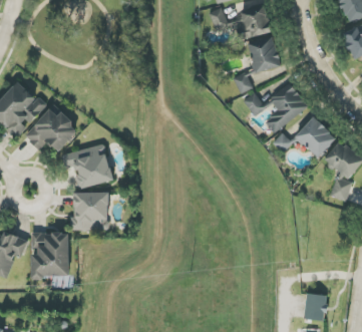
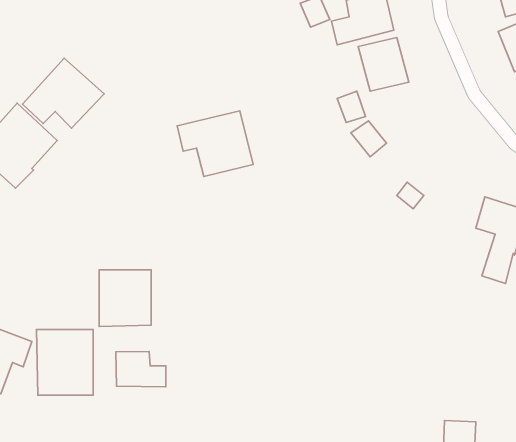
building: [263,84,307,133] -> none
building: [24,105,79,152] -> [22,58,104,128]
building: [294,116,336,157] -> none
building: [61,144,112,189] -> [177,111,253,176]
building: none -> [116,351,166,387]

